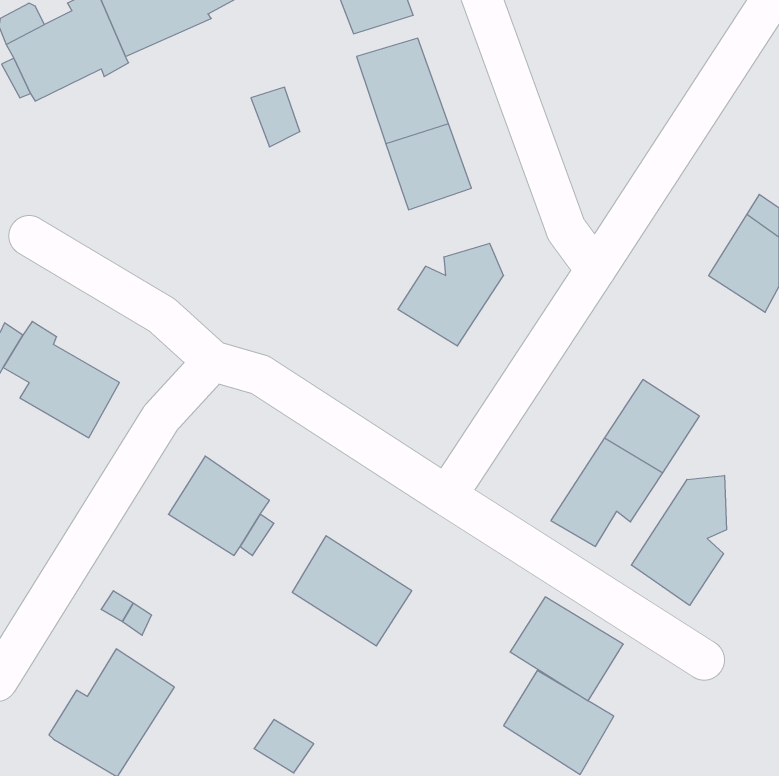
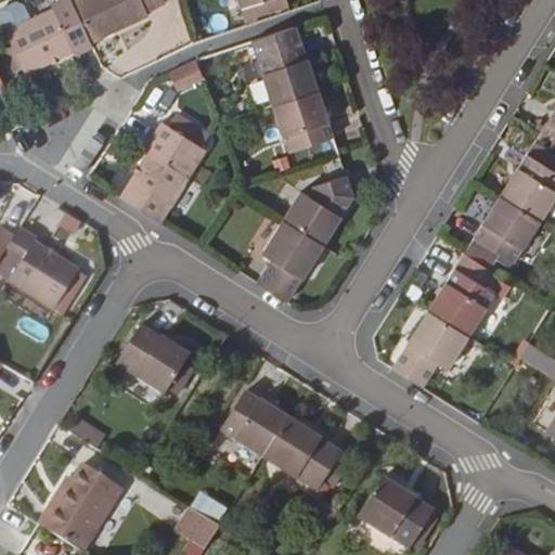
building: none -> [121,119,207,221]
building: none -> [466,195,542,272]
building: none -> [257,219,324,302]
building: [631,475,726,605] -> none
building: [510,597,623,701] -> [267,418,347,492]

